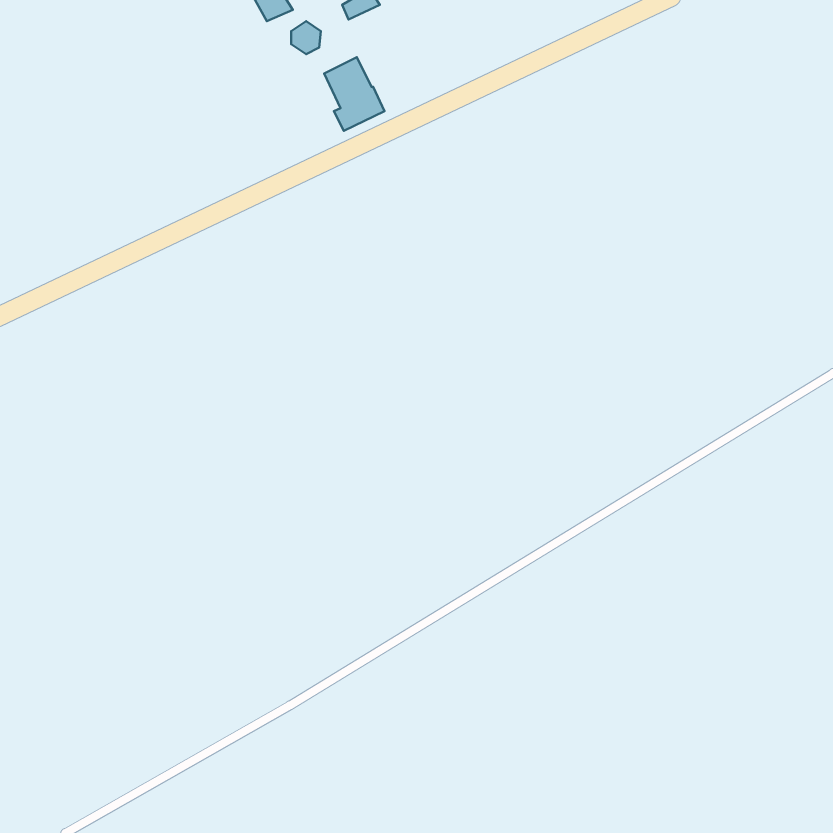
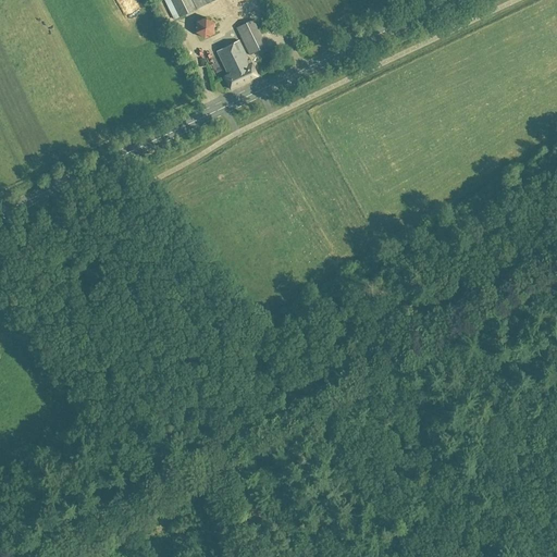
building: none -> [234,17,264,52]

